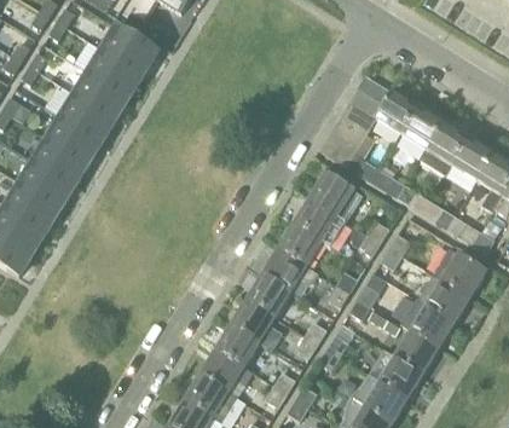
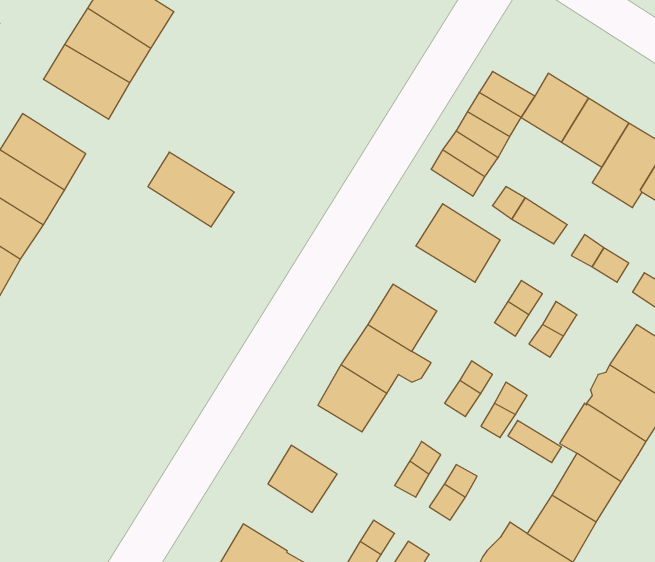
building: [62,92,116,139] -> [148,152,234,227]
building: [295,197,347,244] -> none
building: [231,297,283,348] -> none
building: [201,347,254,389] -> none

